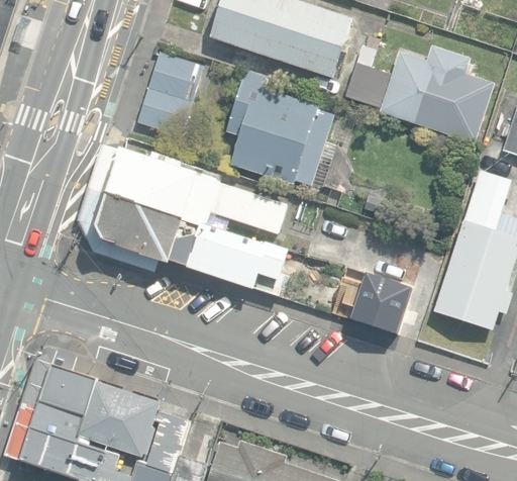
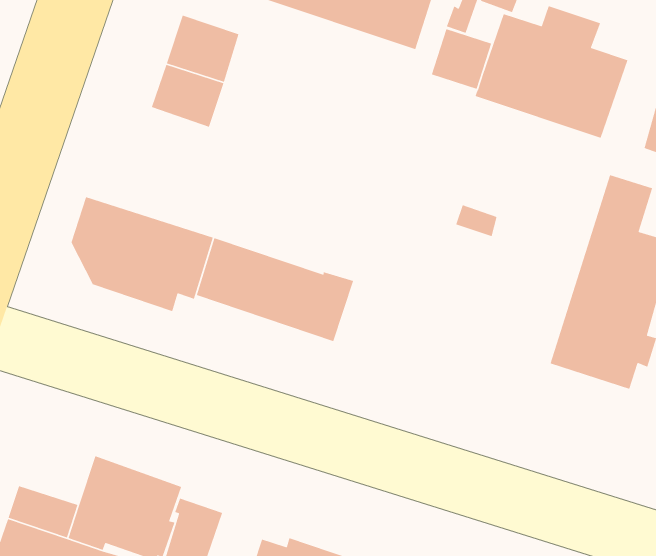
building: [225,69,333,185] -> none
building: [90,140,288,230] -> none
building: [354,279,413,334] -> none
building: [39,363,96,414] -> none

